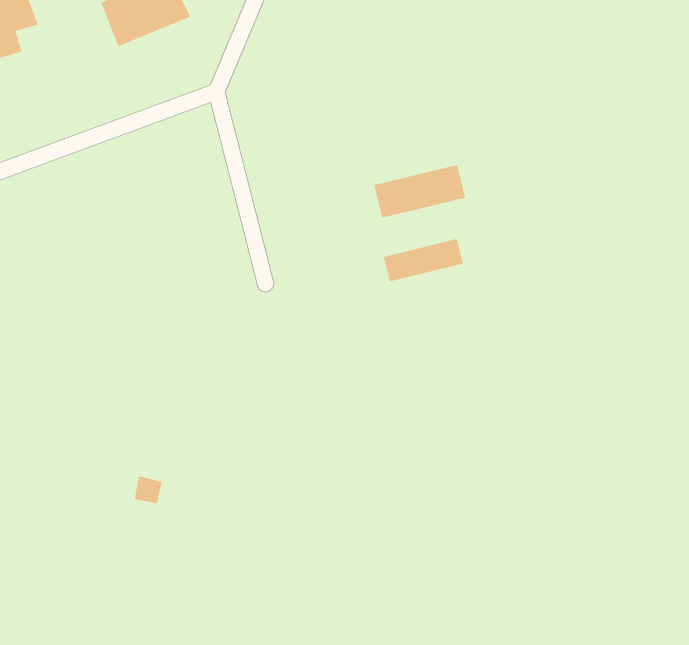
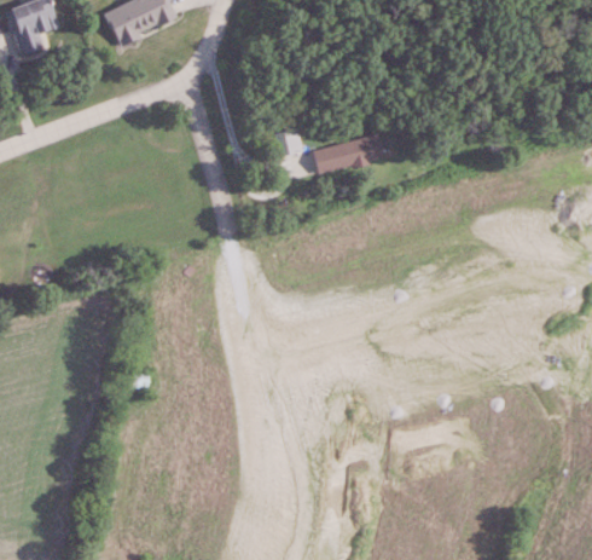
building: [383,238,464,282] -> none

